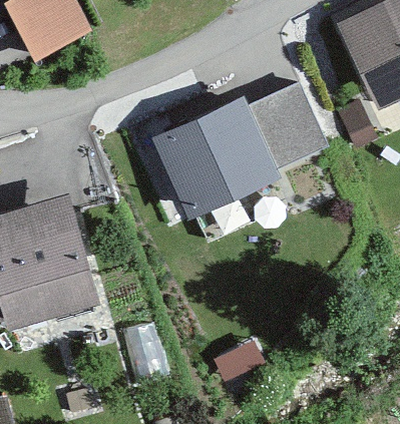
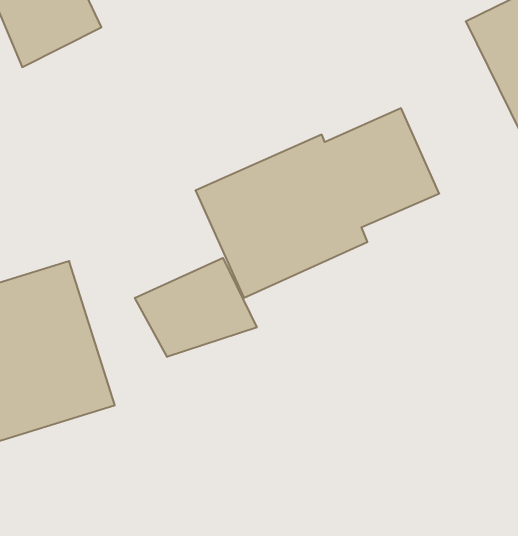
building: none -> [135,258,257,357]

